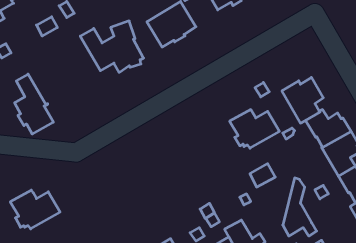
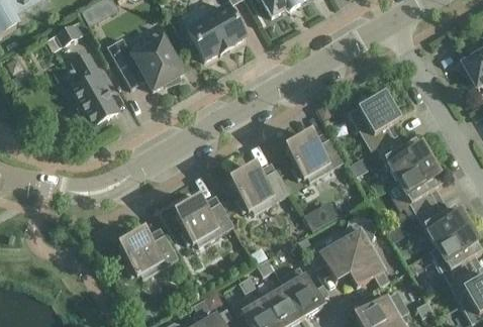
building: [15,74,53,134] -> [72,52,118,124]
building: none -> [230,166,290,212]
building: none -> [175,198,234,244]
building: none -> [310,214,364,279]
building: [10,190,60,229] -> [119,230,179,277]

